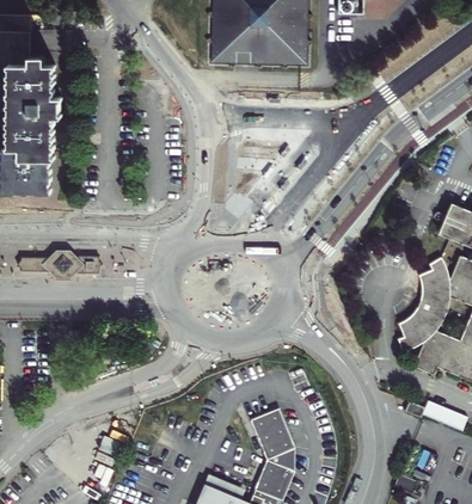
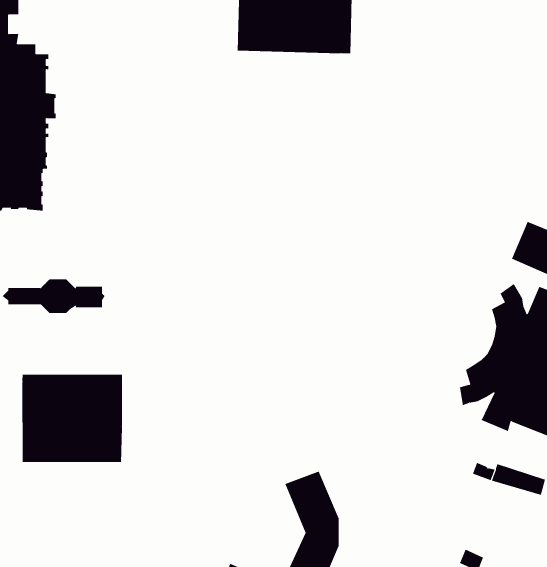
building: none -> [22,374,123,463]

